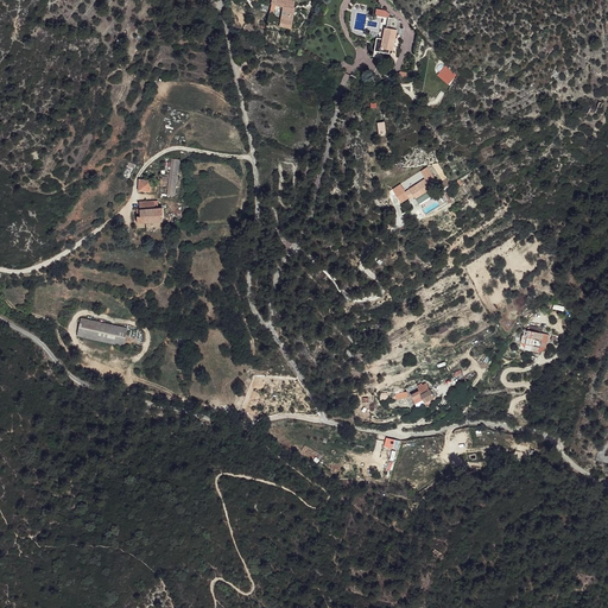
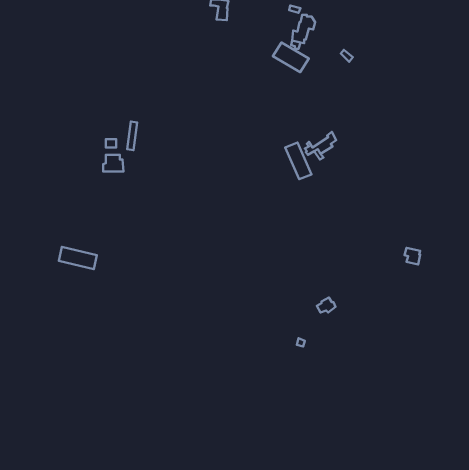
building: none -> [273,42,309,72]
building: none -> [285,143,311,179]

